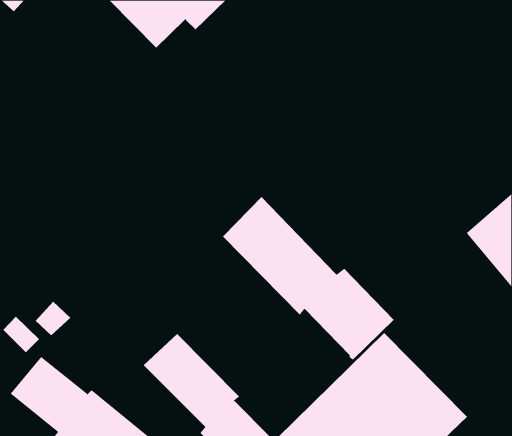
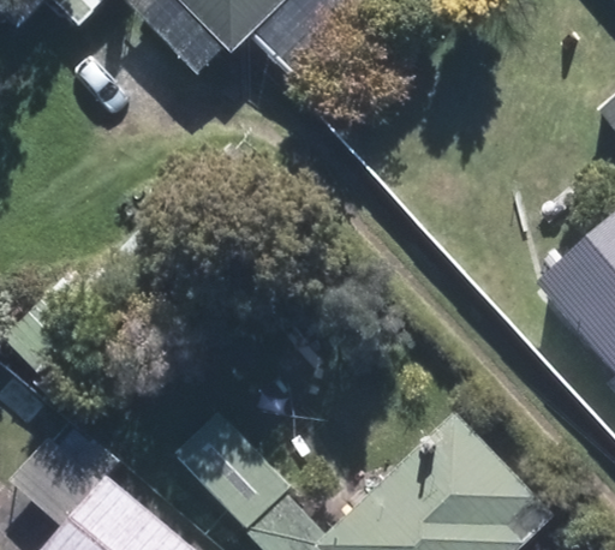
building: [222,196,395,361] -> none

